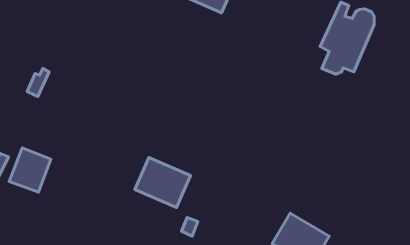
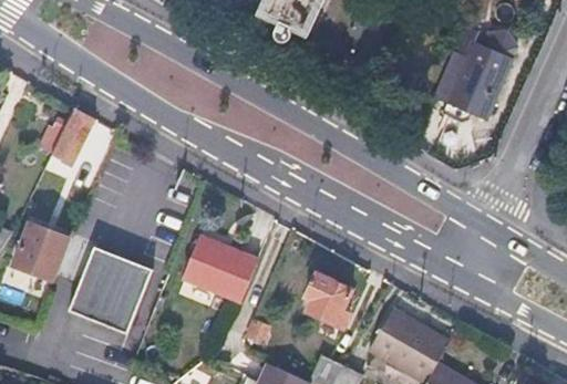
building: none -> [53,106,95,164]
building: none -> [68,248,152,335]
building: none -> [300,274,352,329]

